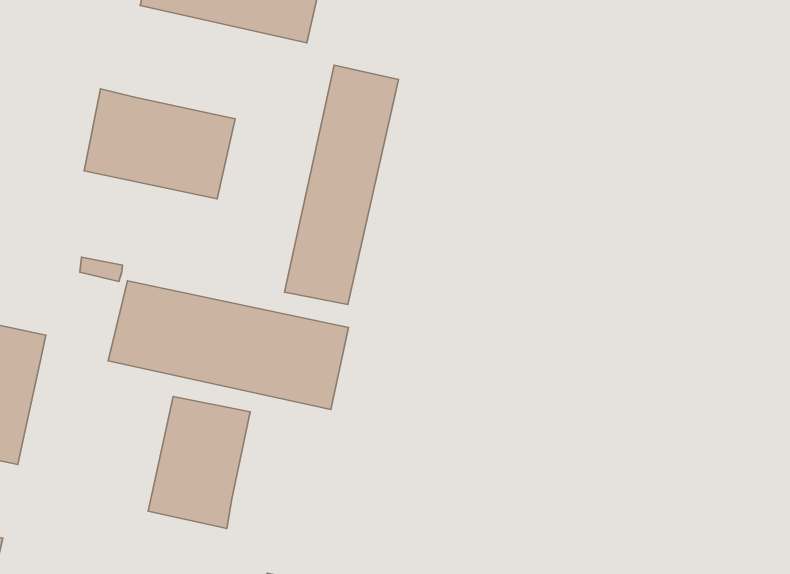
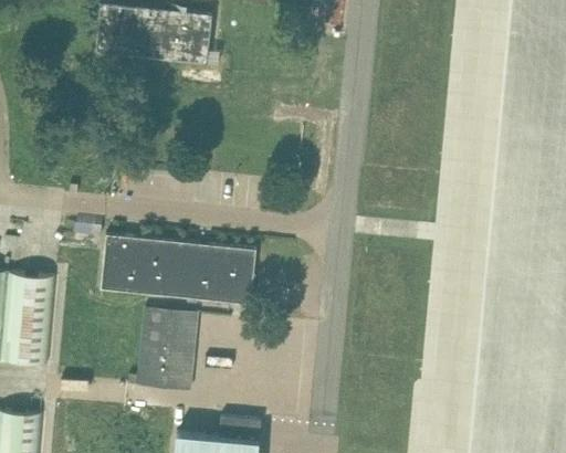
building: [284,65,398,304] -> none
building: [84,89,235,199] -> none

